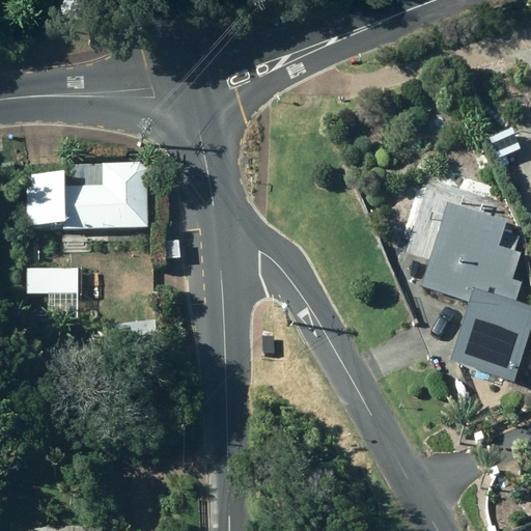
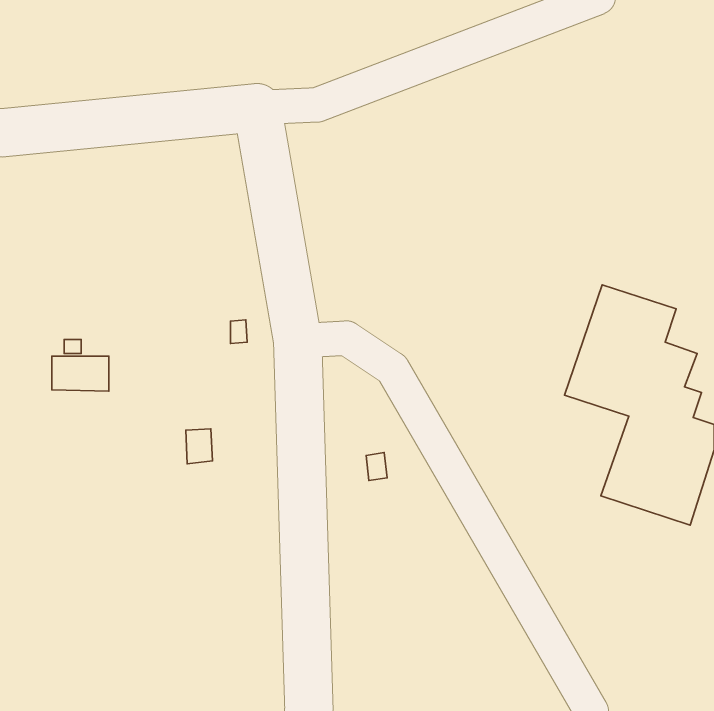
building: [26,160,150,226] -> none

